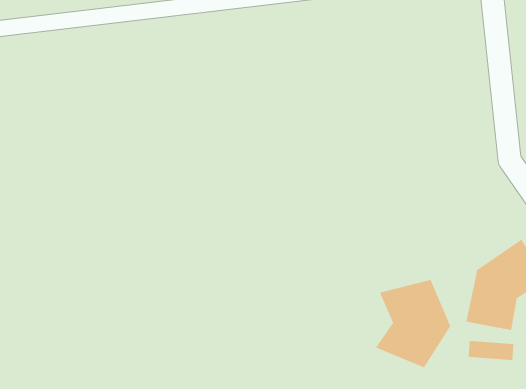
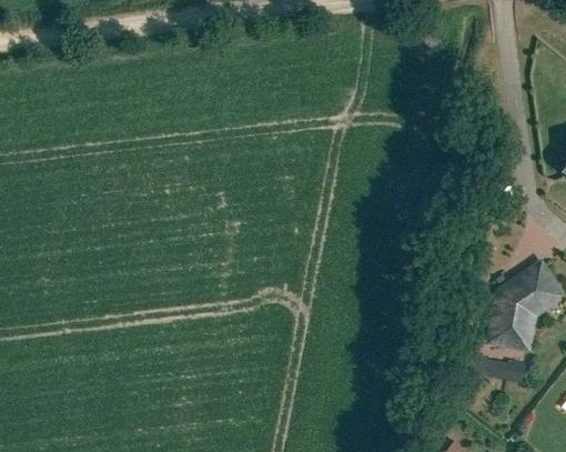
building: [375,279,451,368] -> none

